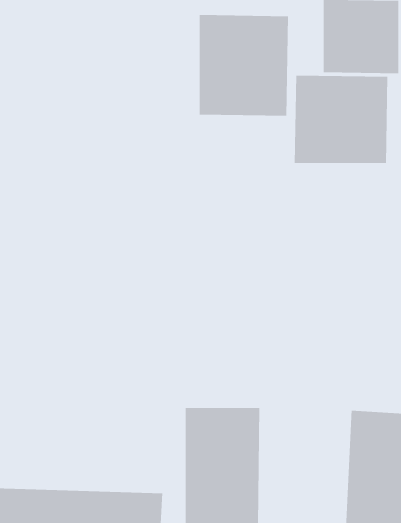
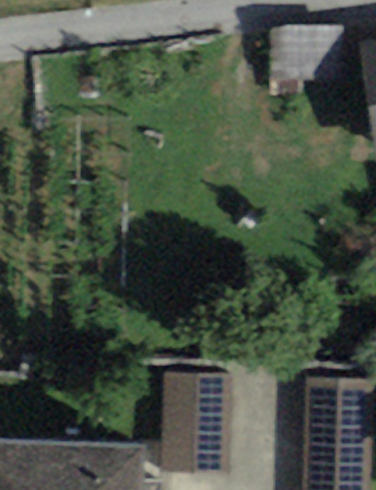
building: [199,14,289,117] -> none
building: [294,75,388,164] -> none

